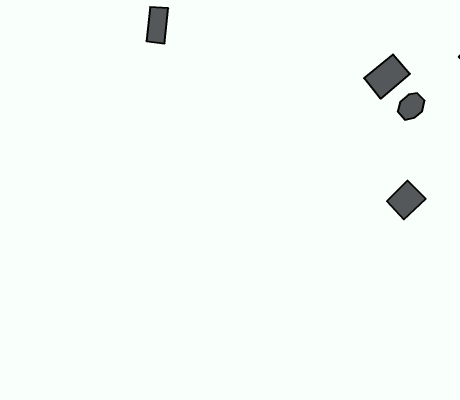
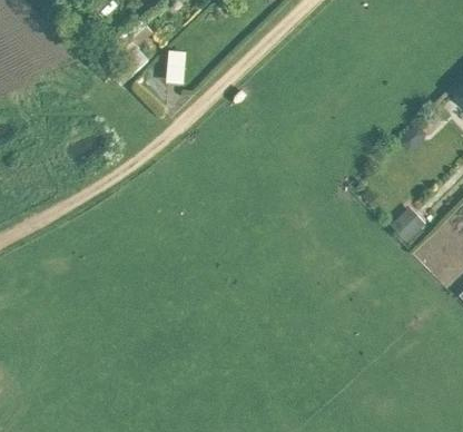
building: [364,54,410,99] -> none

